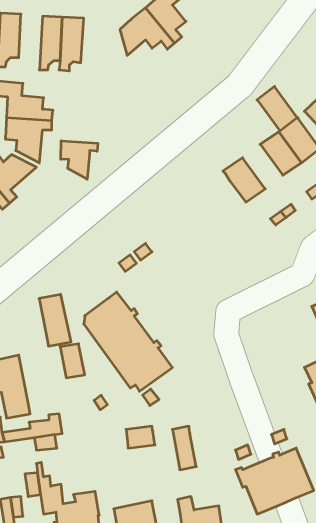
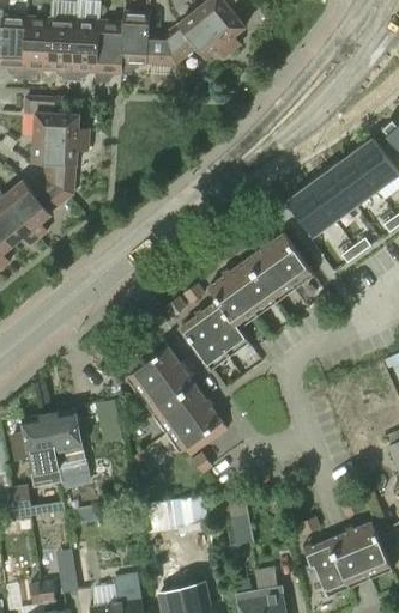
building: none -> [121,11,175,74]
building: none -> [49,18,77,83]
building: [257,86,297,131] -> [309,169,356,220]
building: [61,141,98,179] -> none
building: none -> [181,232,314,369]
building: [39,294,71,346] -> [49,408,86,468]

